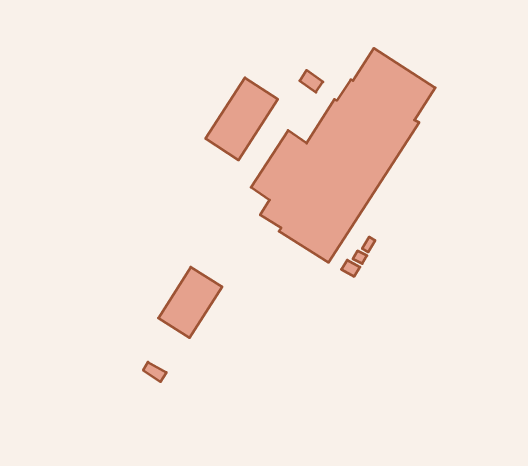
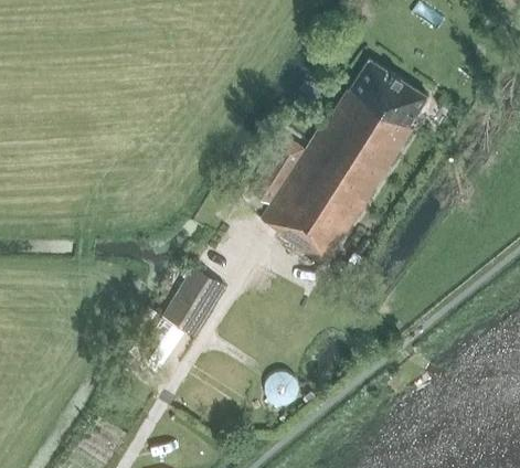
building: [206,78,278,160] -> none

